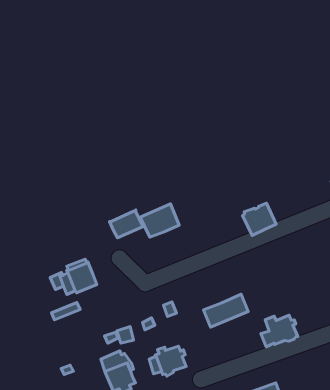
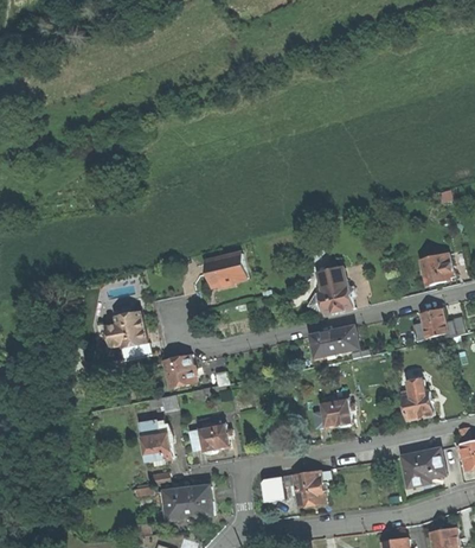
building: [110,210,142,238] -> none
building: none -> [161,351,197,384]
building: [204,294,248,327] -> [309,321,358,352]

